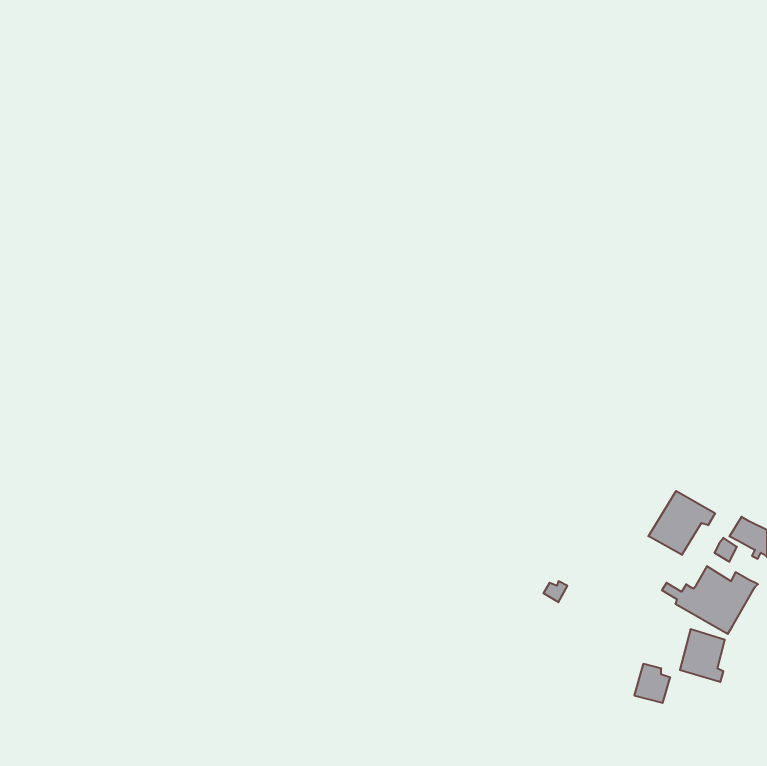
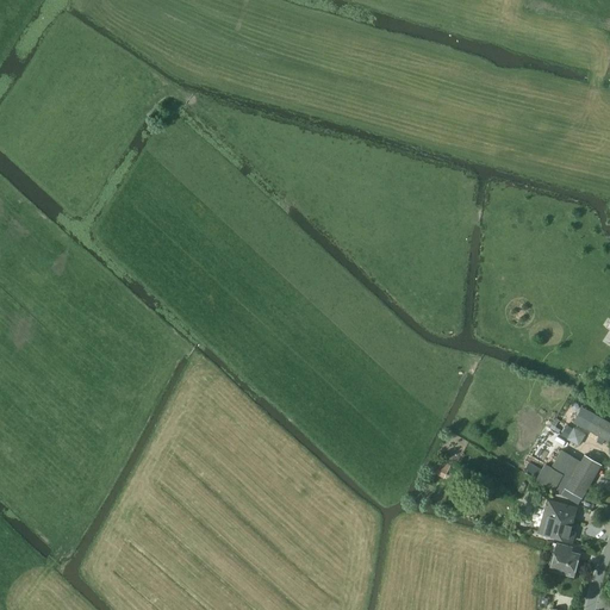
building: [648,491,715,555] -> none
building: [634,664,670,703] -> [550,543,579,574]

